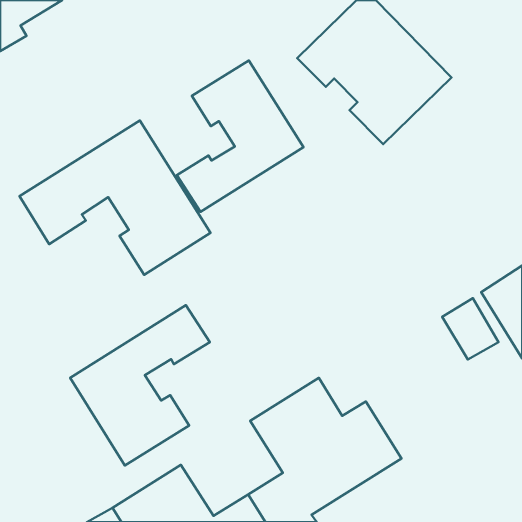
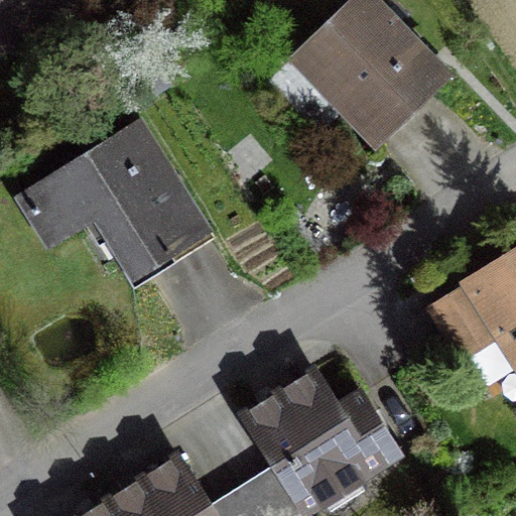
building: [177,60,303,212] -> none
building: [70,305,210,465] -> none

